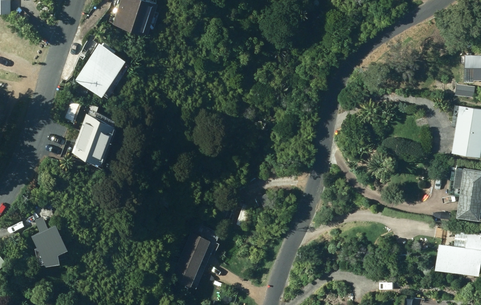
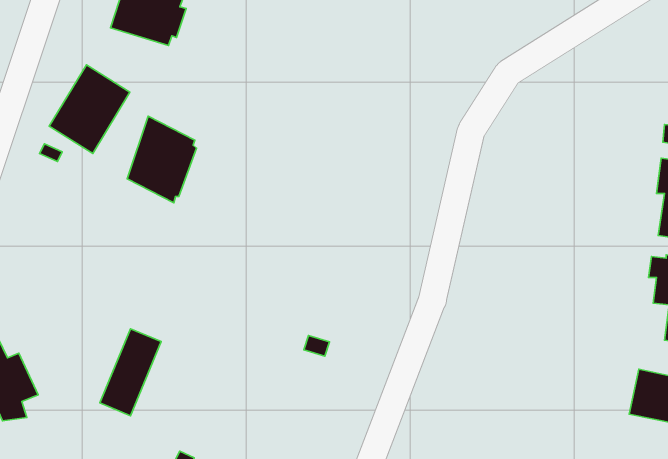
building: [73,113,116,167] -> [127,116,196,203]
building: [172,230,210,284] -> [100,329,161,416]

